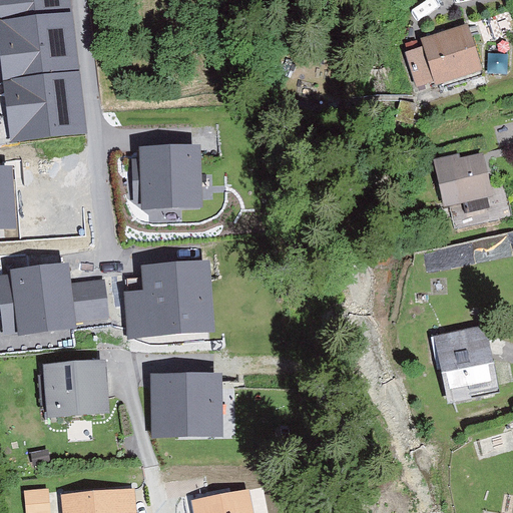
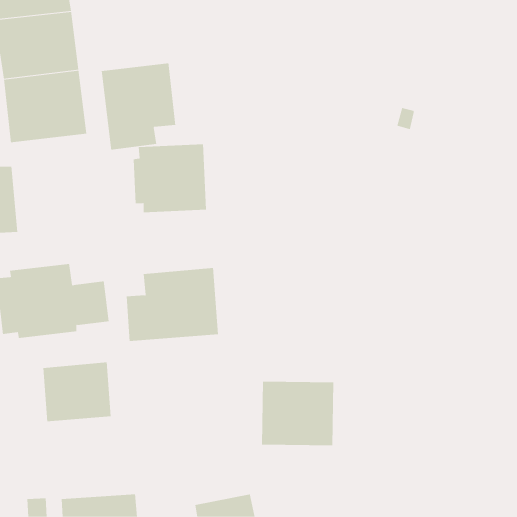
building: [404,22,482,86] -> none
building: none -> [101,62,176,150]
building: [440,157,489,209] -> none
building: [433,332,504,402] -> none
building: [148,374,220,438] -> [261,381,334,446]

